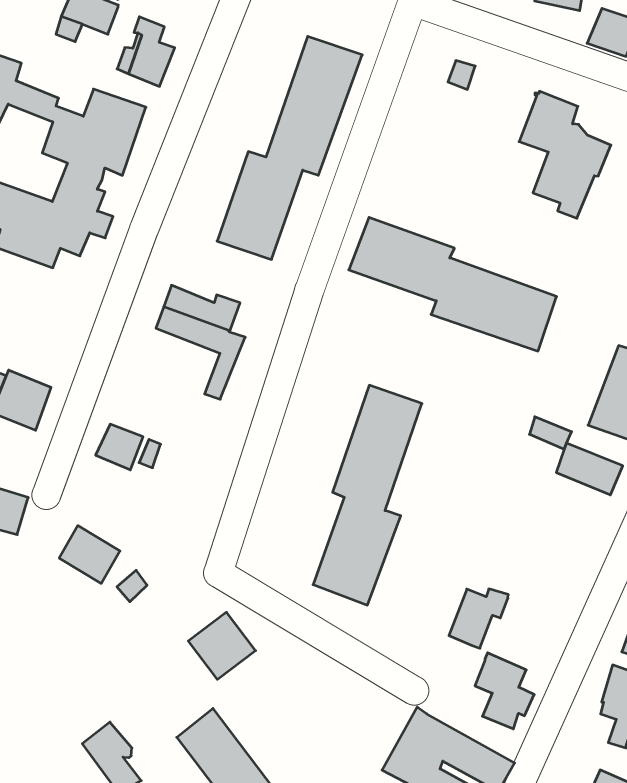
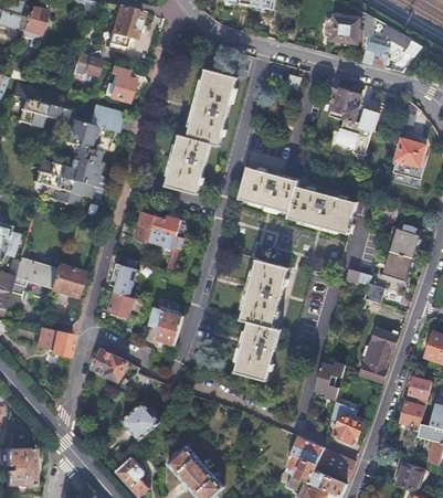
building: none -> [110,258,137,295]
building: none -> [149,306,182,345]
building: none -> [359,327,399,381]
building: [188,612,256,679] -> [122,401,159,438]

